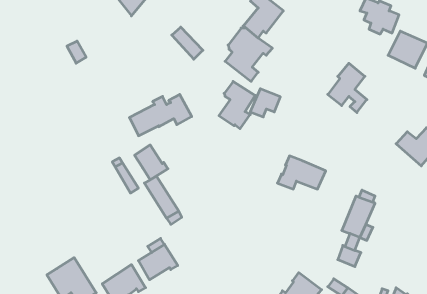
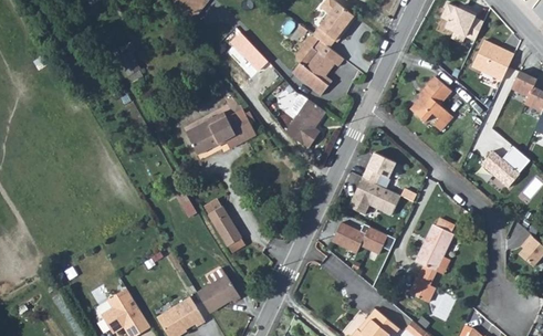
building: [250,89,280,117] -> [363,151,396,182]
building: [135,145,168,180] -> none
building: none -> [335,221,399,253]

